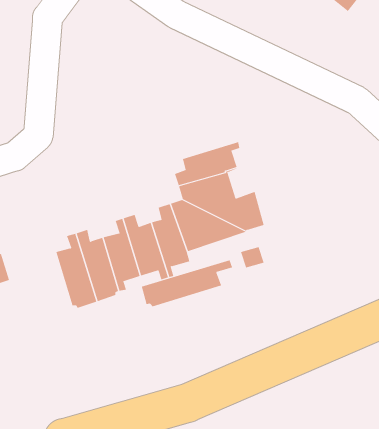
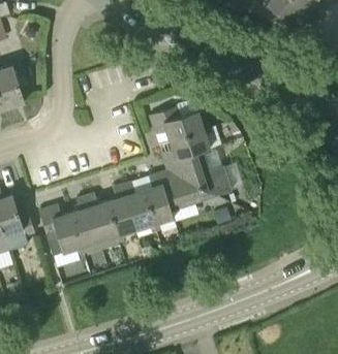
building: none -> [150,105,212,140]
building: none -> [39,205,84,256]
building: [141,260,233,307] -> none

